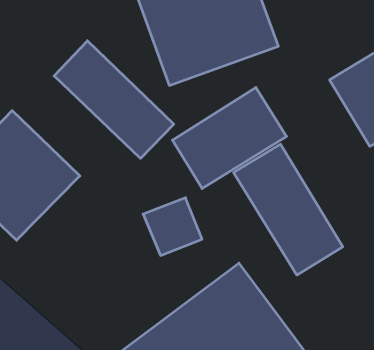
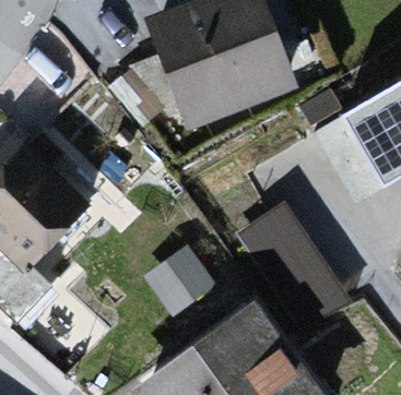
building: [54,41,174,158] -> none
building: [172,87,287,189] -> none

